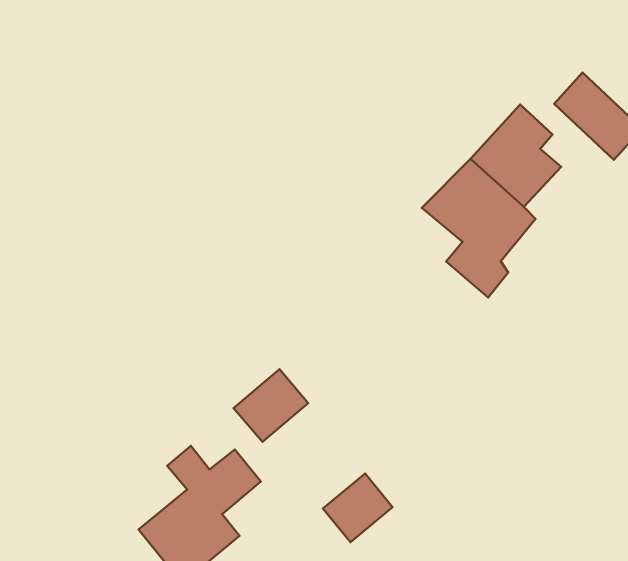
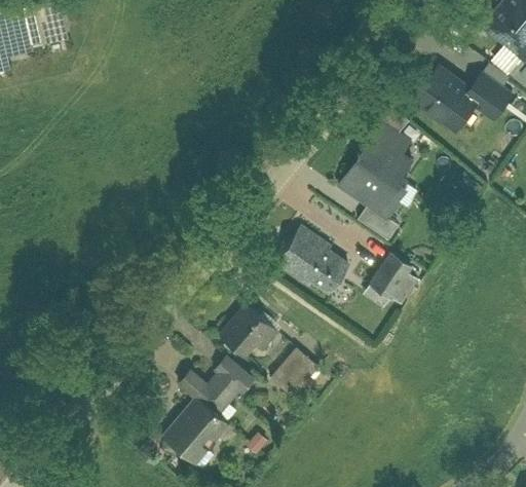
building: none -> [275,223,354,296]
building: none -> [369,249,417,302]
building: [323,474,393,542] -> [269,344,317,394]

